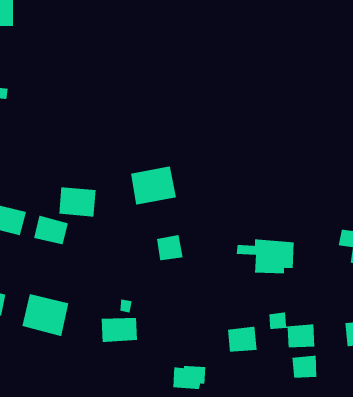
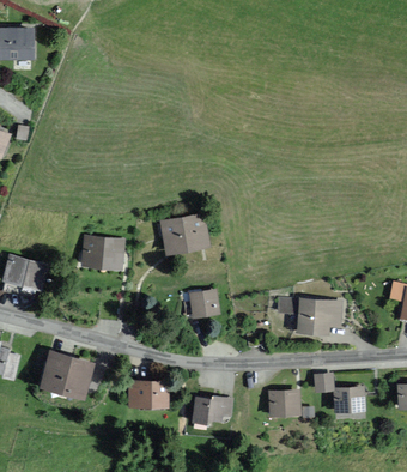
building: [33,215,68,245] -> none
building: [292,355,317,378] -> none
building: [172,366,206,390] -> [193,398,230,424]

